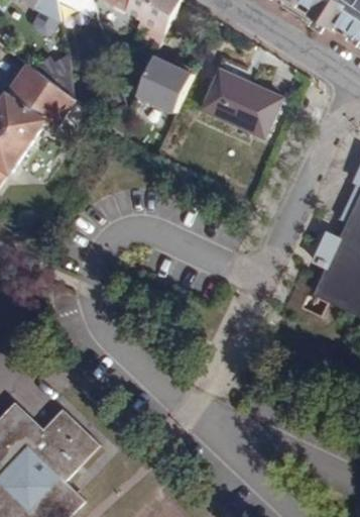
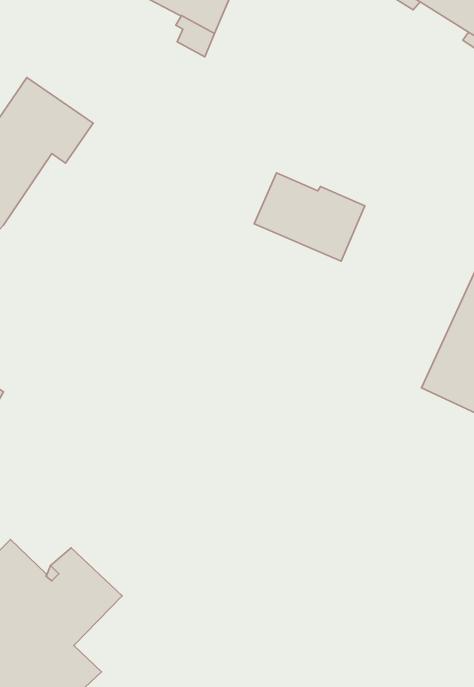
building: [137,55,193,109] -> none
building: [202,71,282,135] -> [254,173,365,261]

